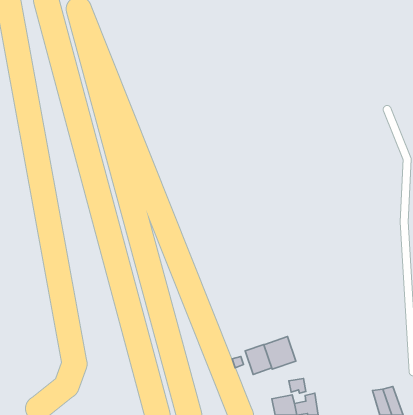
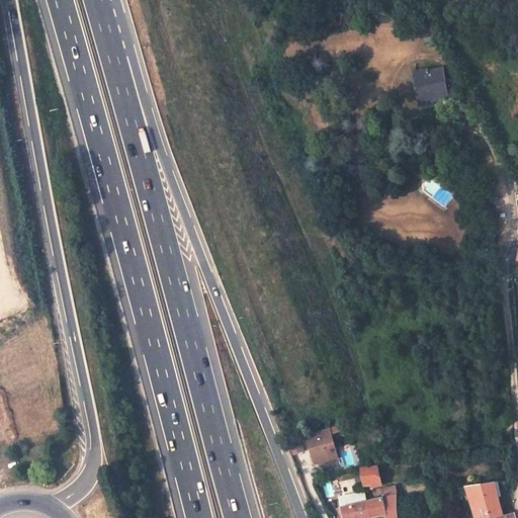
building: none -> [416,71,444,104]
building: [264,337,296,369] -> none

